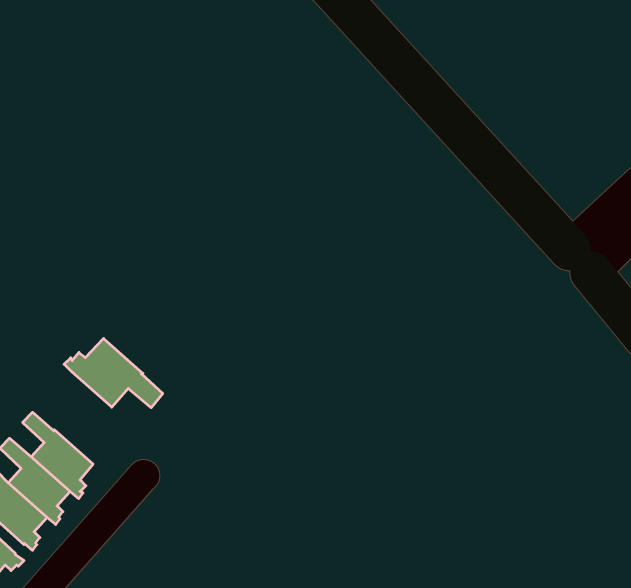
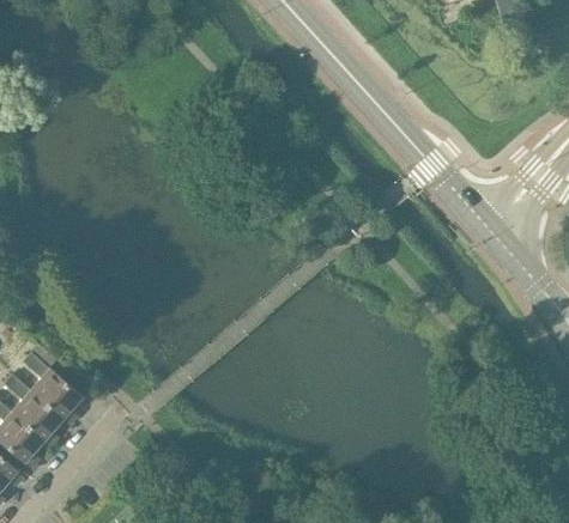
building: [64,338,163,408] -> none

